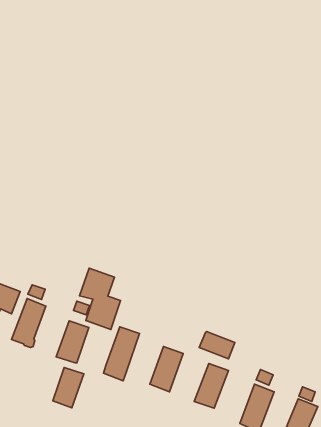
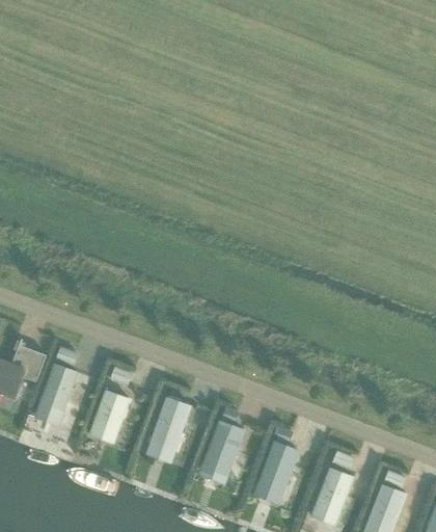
building: [80,268,120,329] -> none
building: [199,331,235,359] -> none
building: [53,368,84,408] -> none

